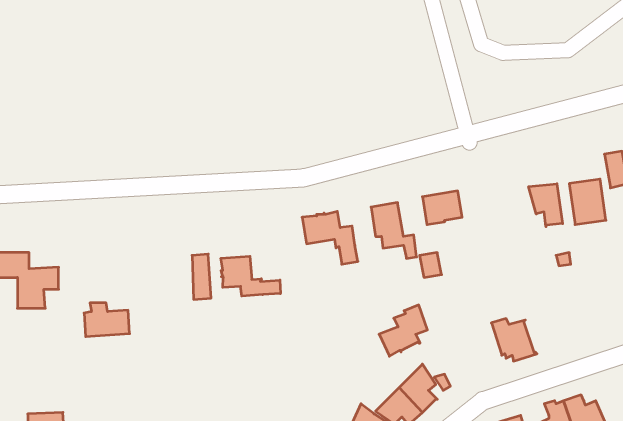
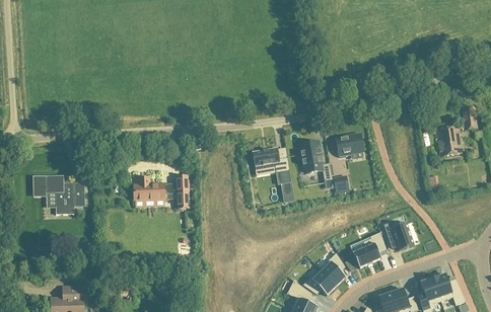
building: [529,184,563,227] -> none
building: [221,256,280,296] -> none
building: [84,303,130,337] -> [133,178,164,202]
building: [379,305,427,356] -> [352,233,385,268]

